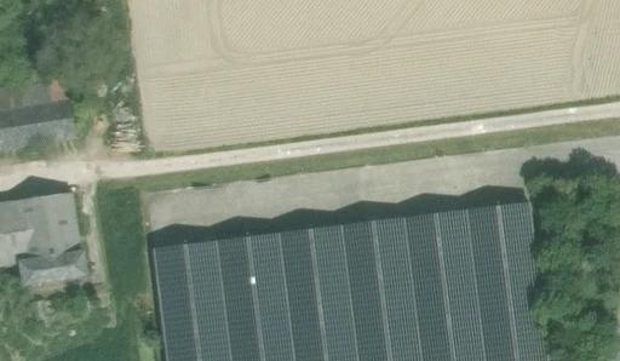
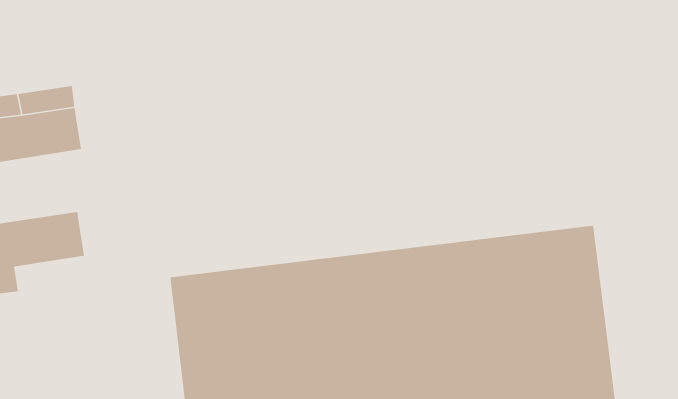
building: [16,233,86,286] -> none

